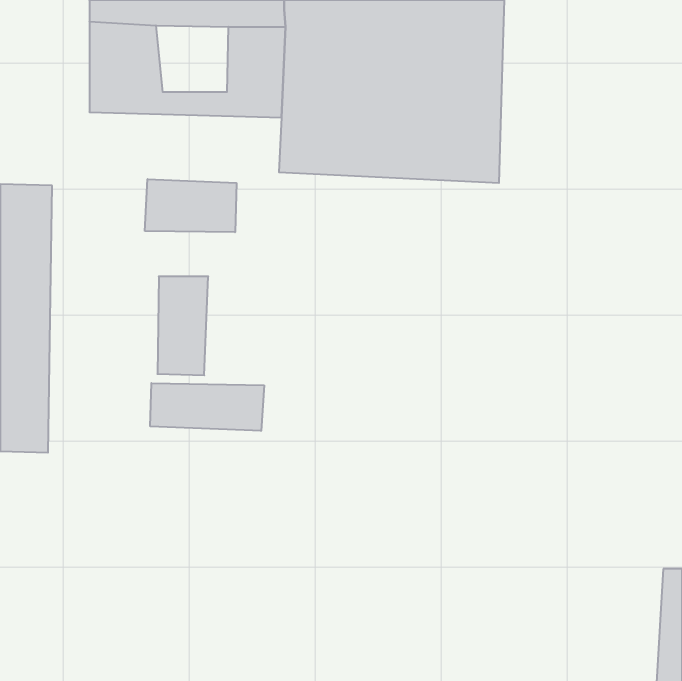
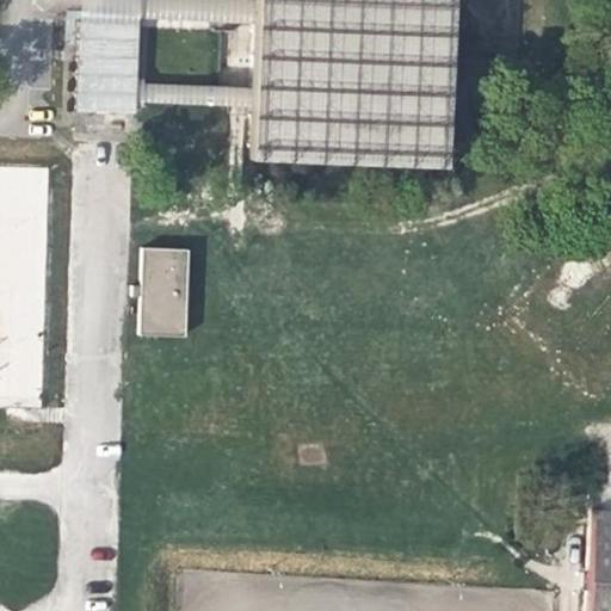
building: [145,179,236,232] -> none
building: [150,383,264,431] -> none

